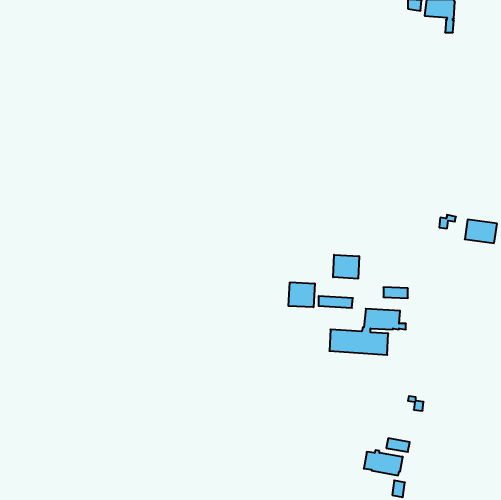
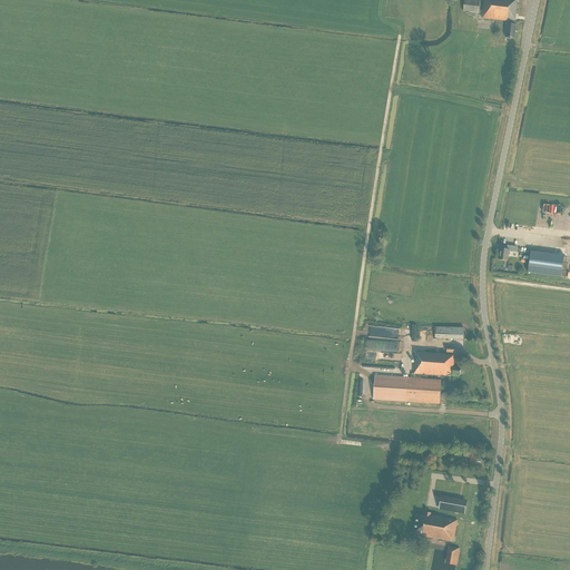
building: [333,255,359,279] -> none
building: [289,282,315,307] -> none

